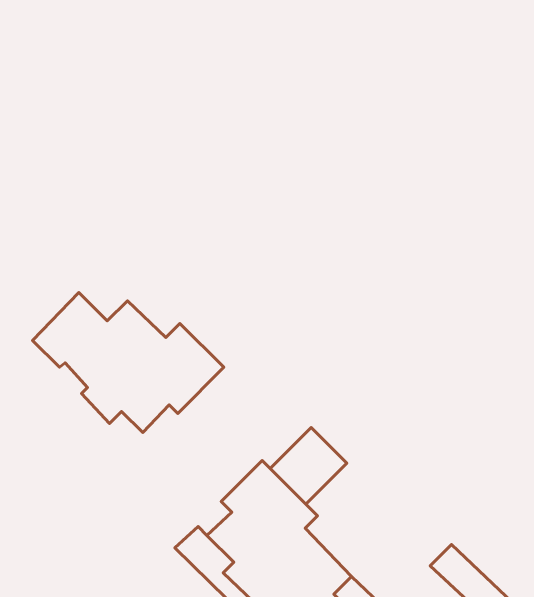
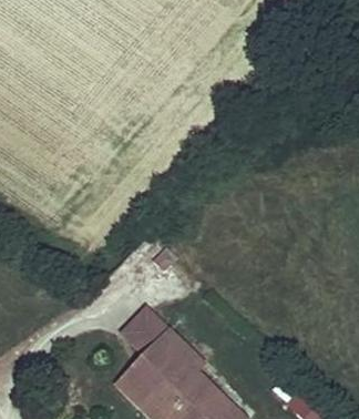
building: [33,293,224,433] -> none
building: [270,427,347,504] -> [122,306,170,354]

